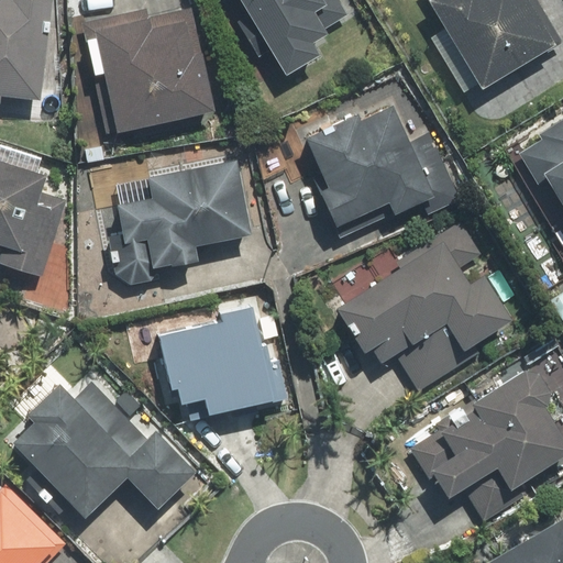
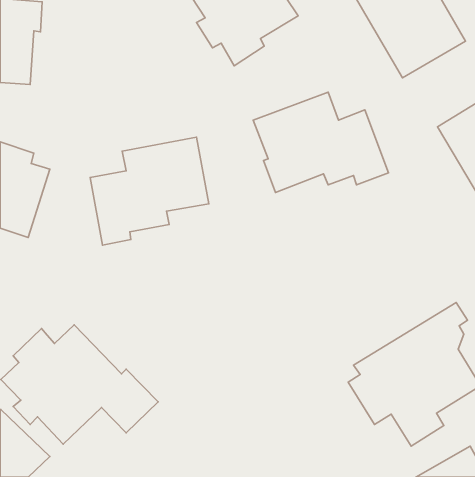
building: [87,8,213,137] -> none
building: [325,219,512,391] -> none
building: [164,301,284,408] -> none

